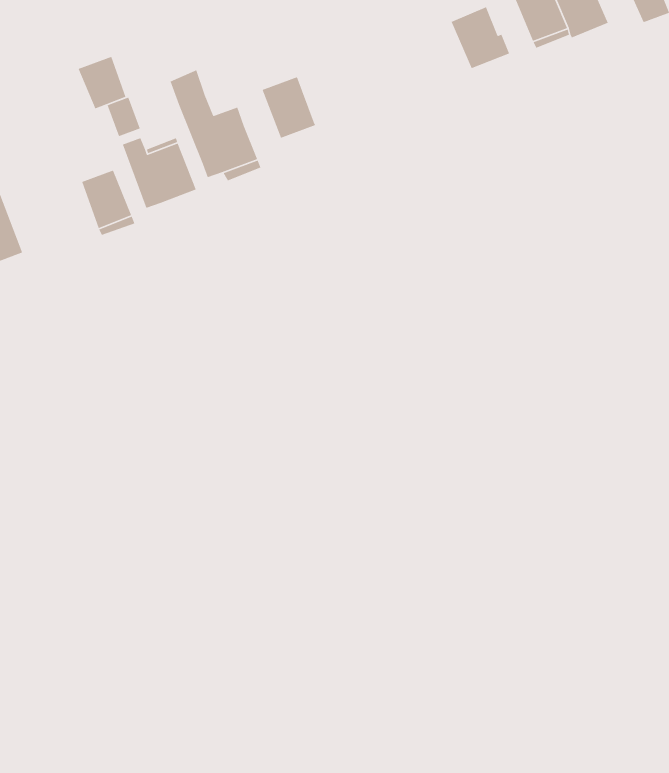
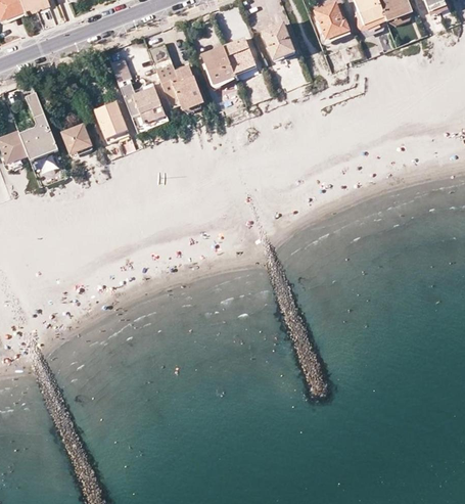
building: none -> [262,24,294,61]
building: [78,56,127,110] -> none
building: none -> [224,38,255,74]
building: none -> [61,125,92,156]

